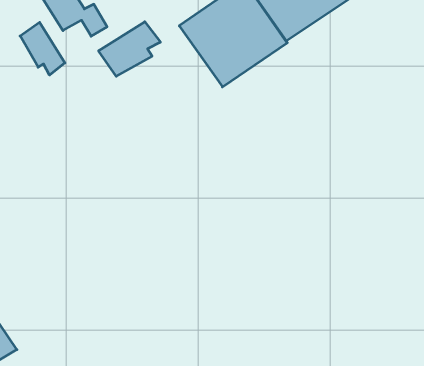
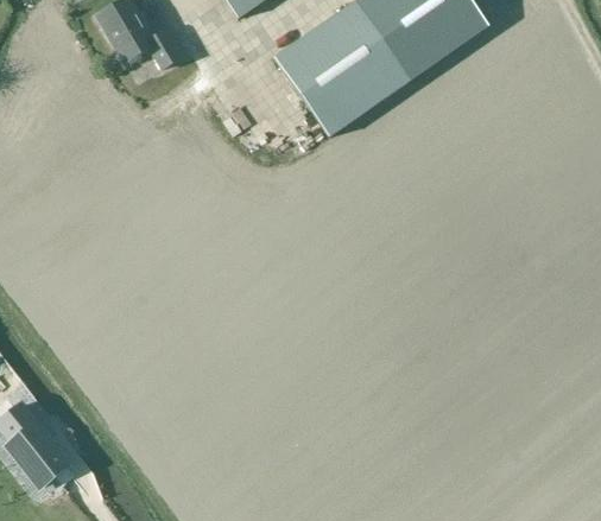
building: [99,22,160,76] -> none
building: [20,22,65,75] -> none

